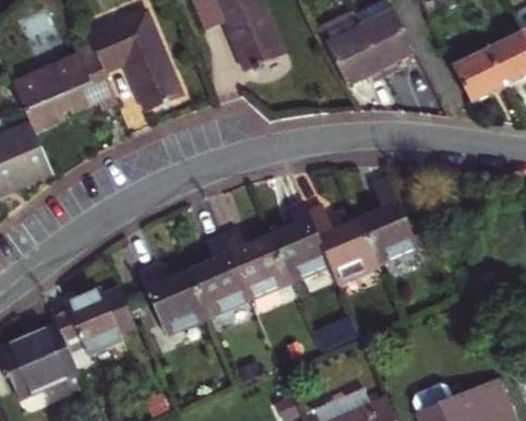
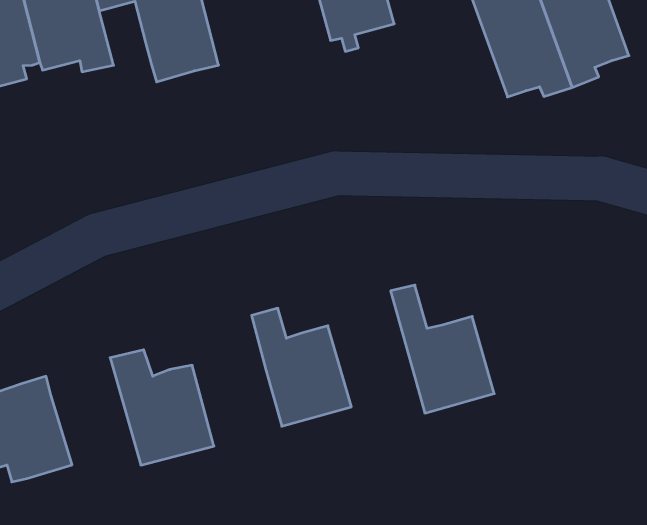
building: [354,179,414,265] -> none
building: [266,199,326,285] -> none
building: [189,238,248,320] -> none

